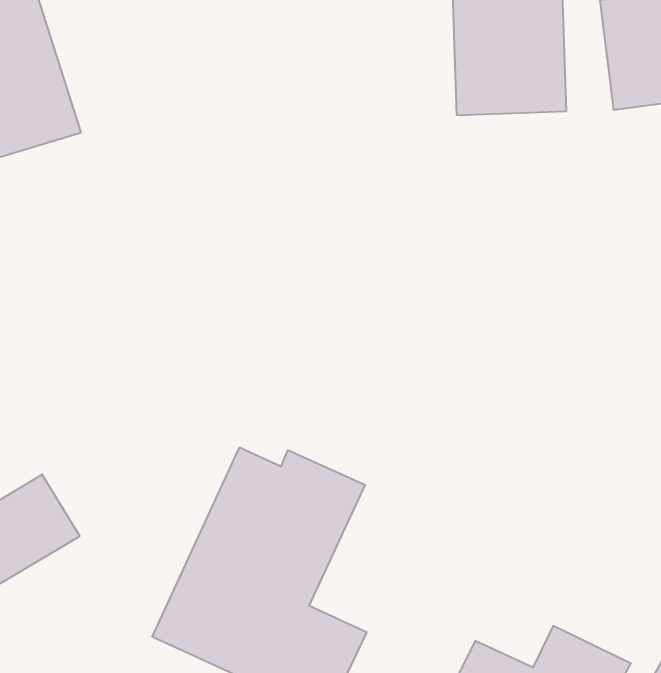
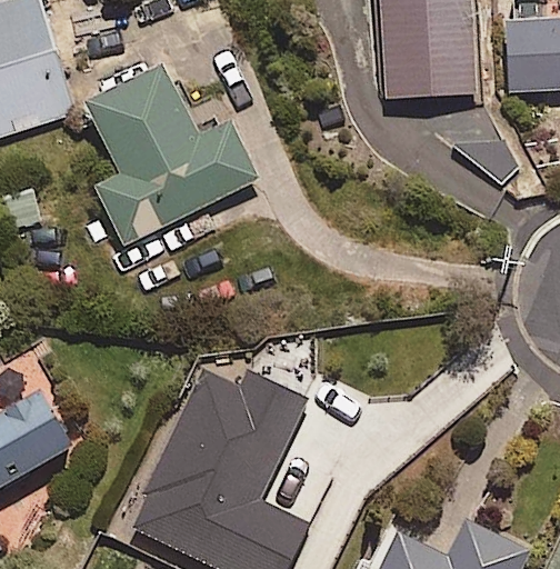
building: none -> [88,68,254,244]

